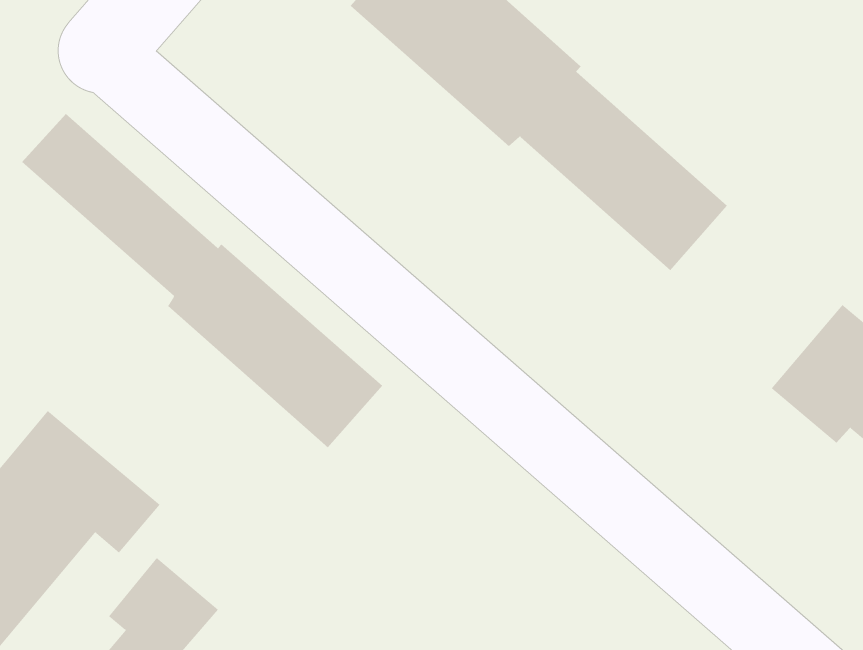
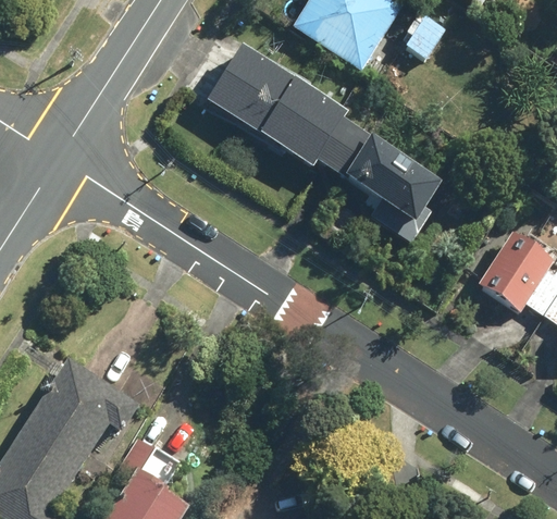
building: [21,113,383,448] -> none

